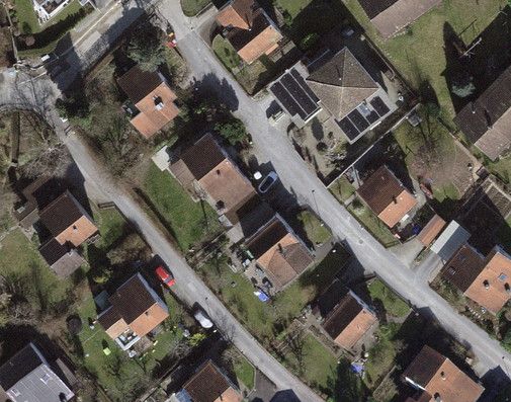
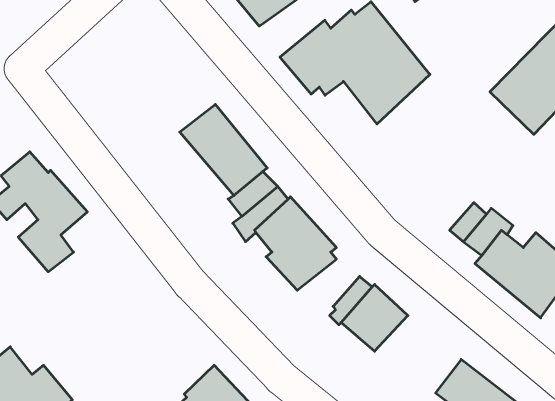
building: [117,54,181,138] -> none
building: [355,162,417,225] -> none
building: [97,271,169,351] -> none

